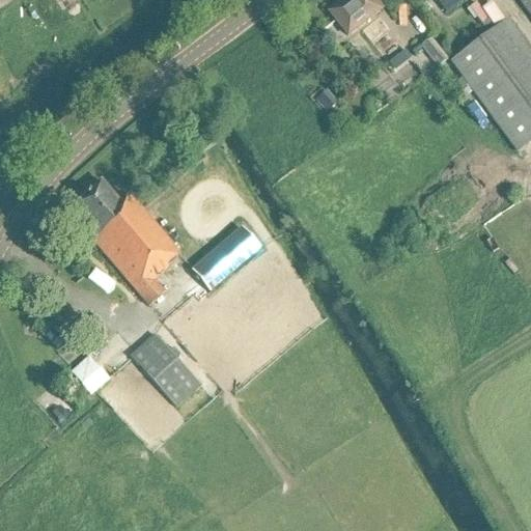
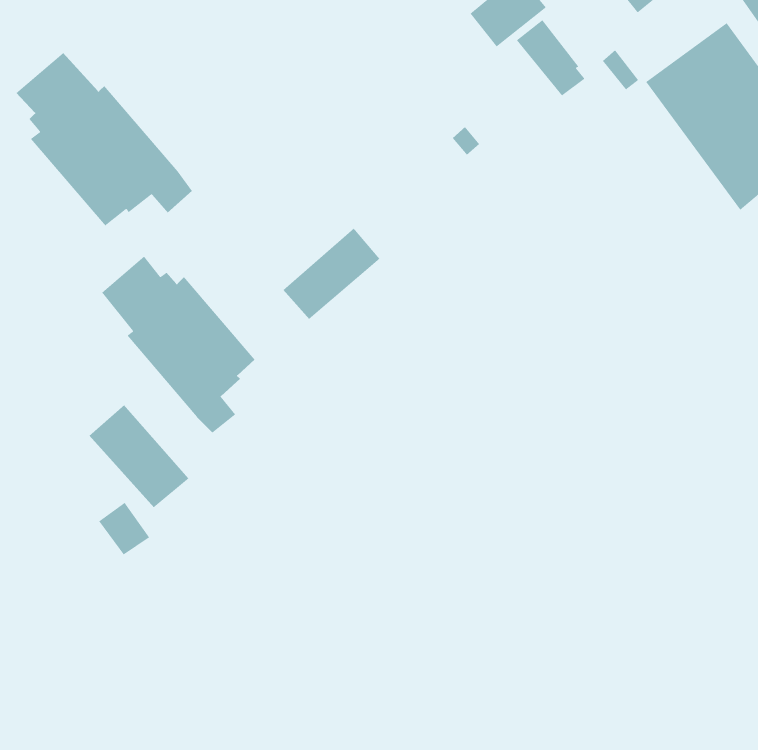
building: none -> [15,52,193,226]
building: [192,225,260,289] -> [282,228,381,320]
building: [131,332,201,404] -> [89,404,190,508]

